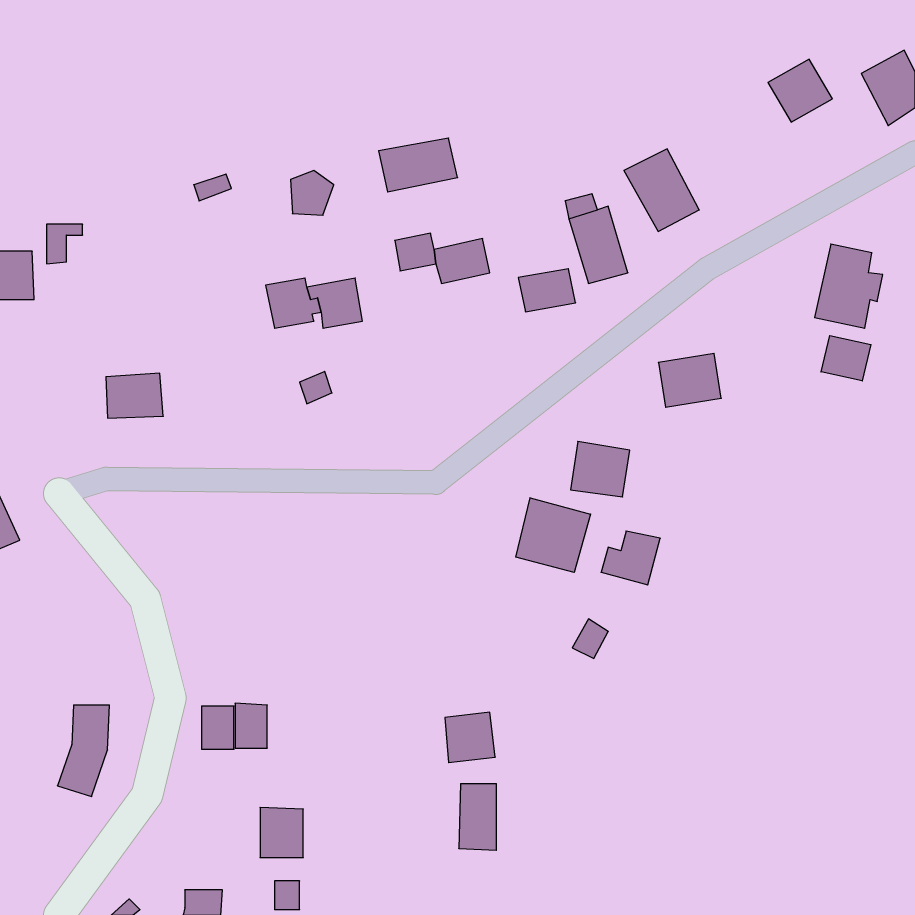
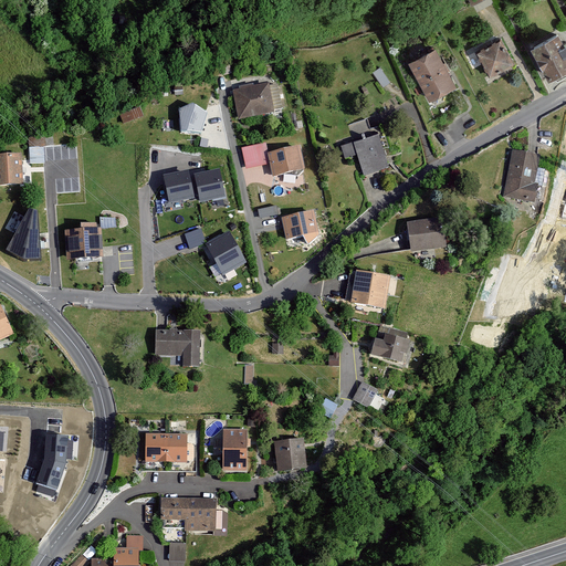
building: [624,149,699,231] -> [408,48,454,98]
building: [518,269,576,312] -> [281,212,316,239]
building: none -> [6,207,40,258]
building: [821,336,871,381] -> none
building: none -> [206,232,245,275]
building: [516,498,591,572] -> none
building: none -> [155,331,198,365]
building: [202,706,234,749] -> [165,434,185,461]
building: [459,784,496,850] -> [222,429,245,470]
building: none -> [187,499,214,528]

